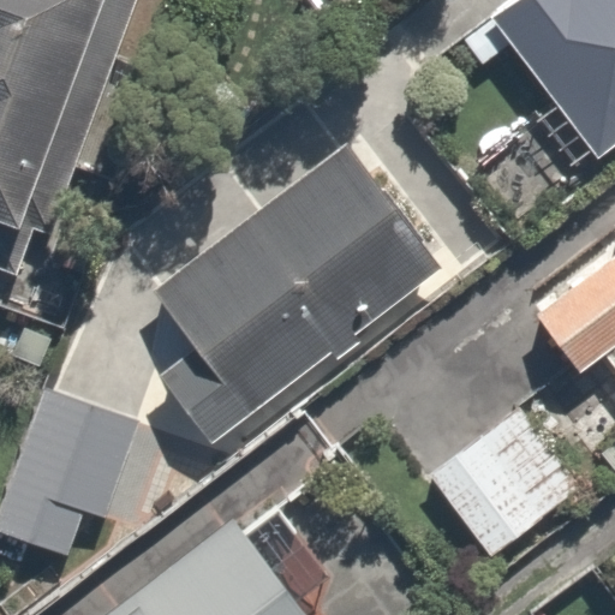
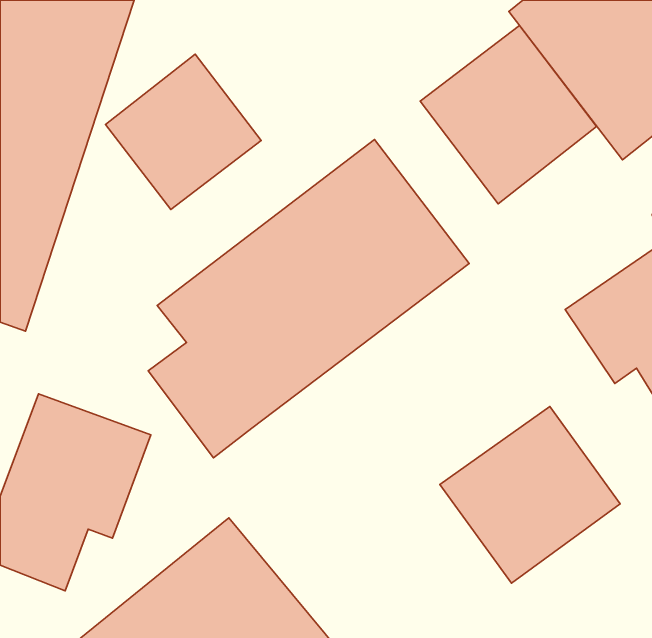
building: none -> [420,26,597,204]
building: none -> [106,54,261,210]

